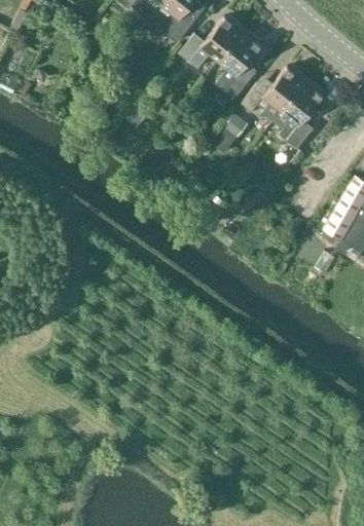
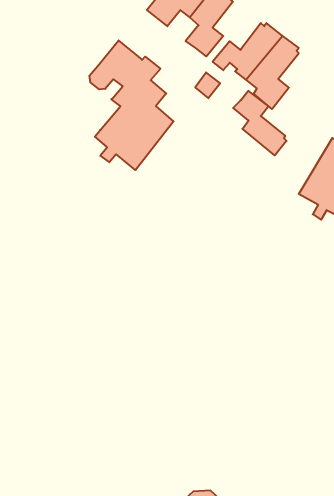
building: none -> [89,40,174,170]
building: none -> [233,91,287,155]

